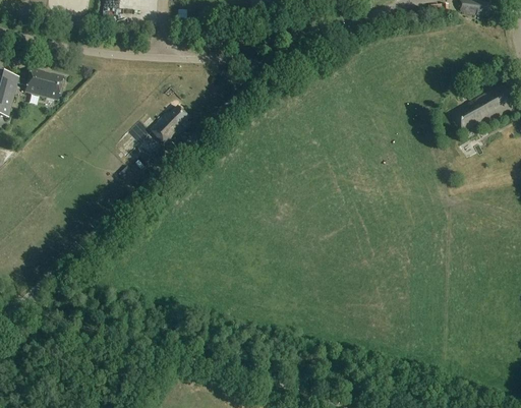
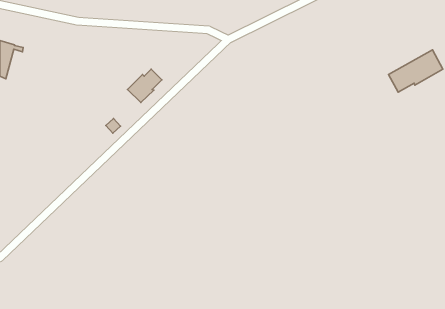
building: [24,68,63,100] -> none

